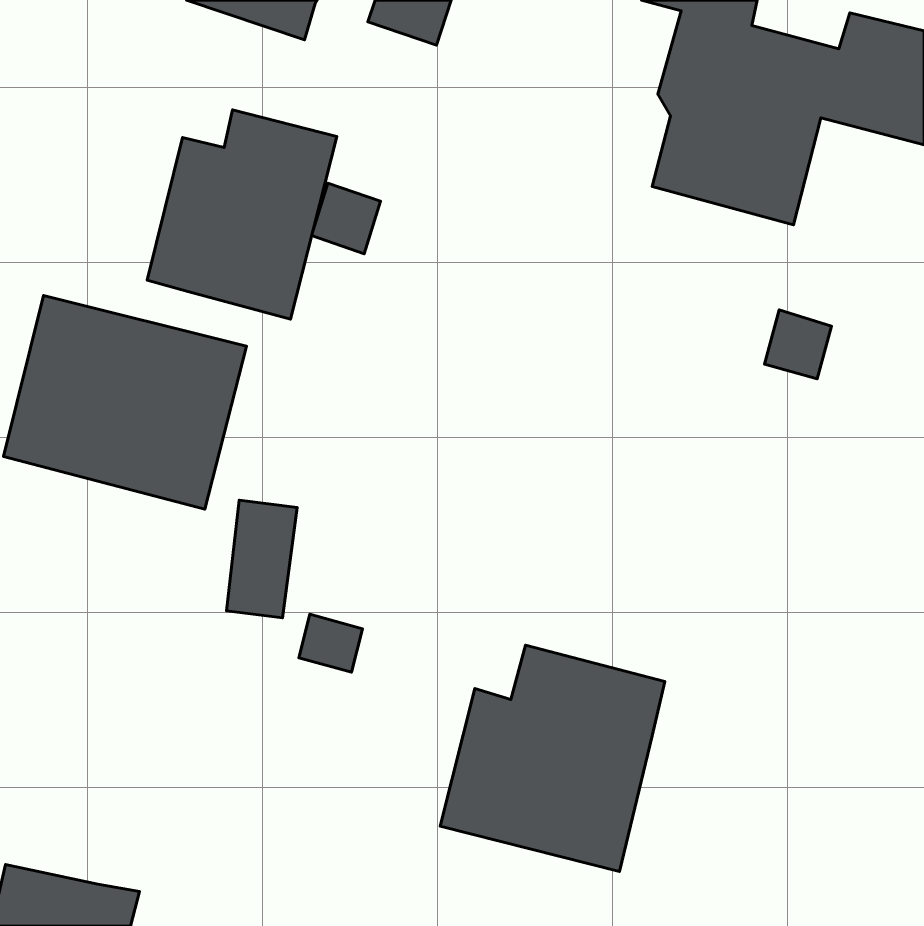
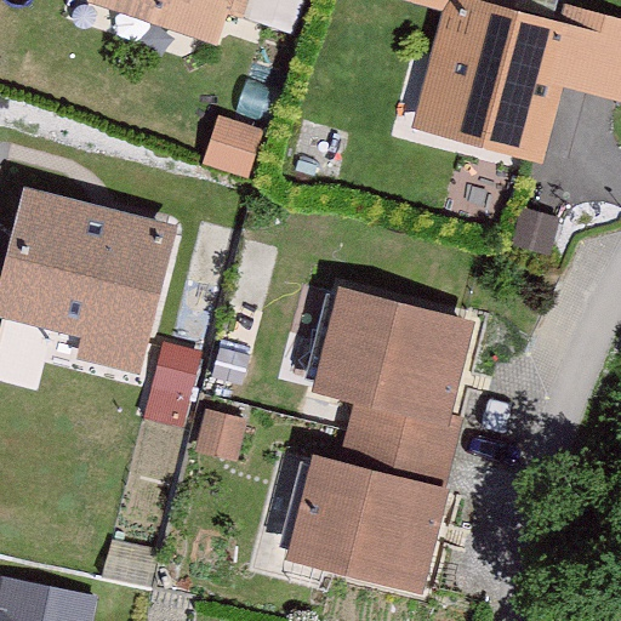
building: [147,110,337,319] -> none
building: none -> [320,294,463,456]

